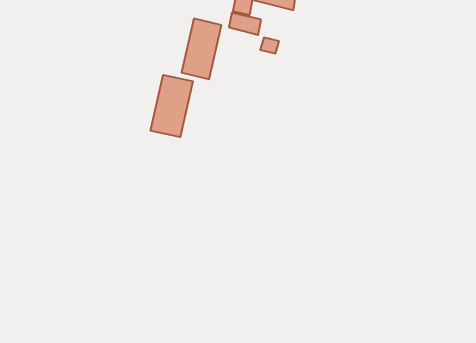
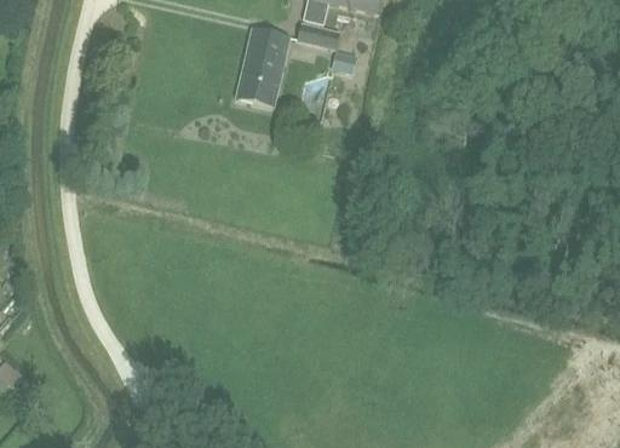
building: [151,75,193,137] -> none

